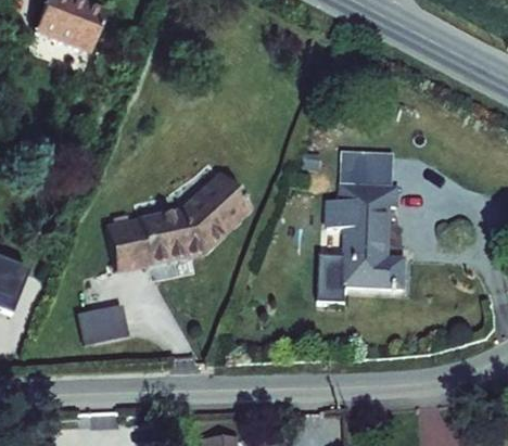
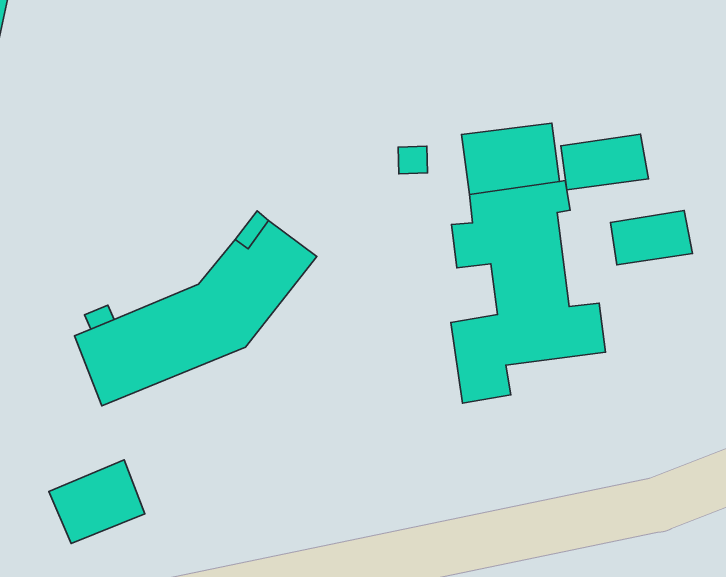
building: none -> [561,134,649,190]
building: none -> [611,211,693,265]

